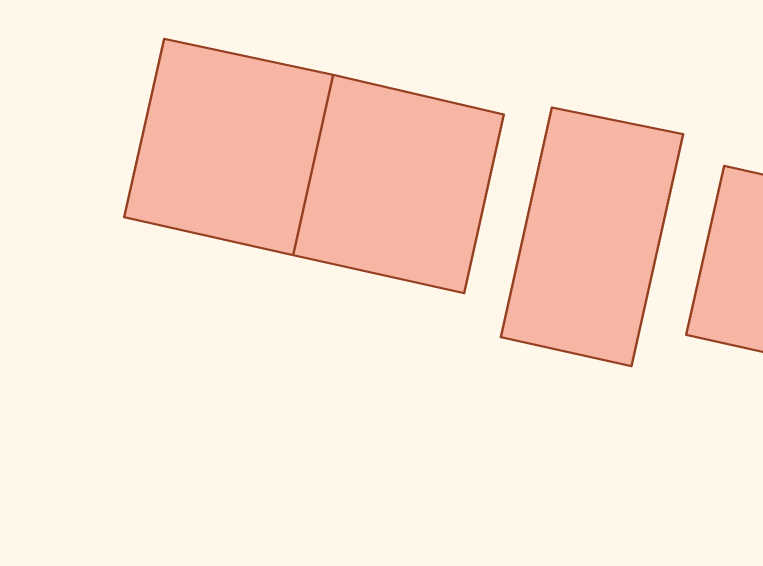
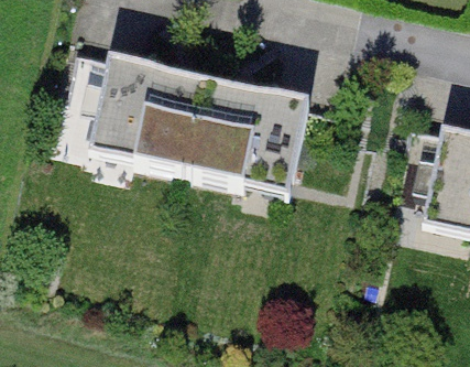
building: [501,107,683,366] -> none

